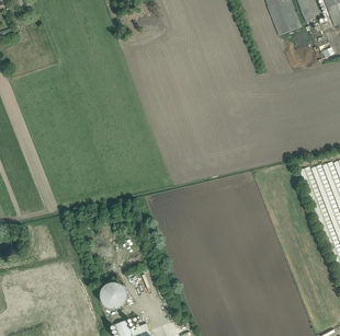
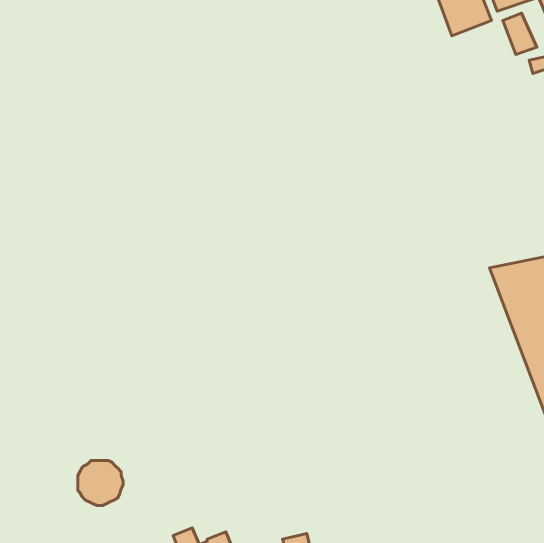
building: [101,282,127,309] -> [78,460,123,506]

